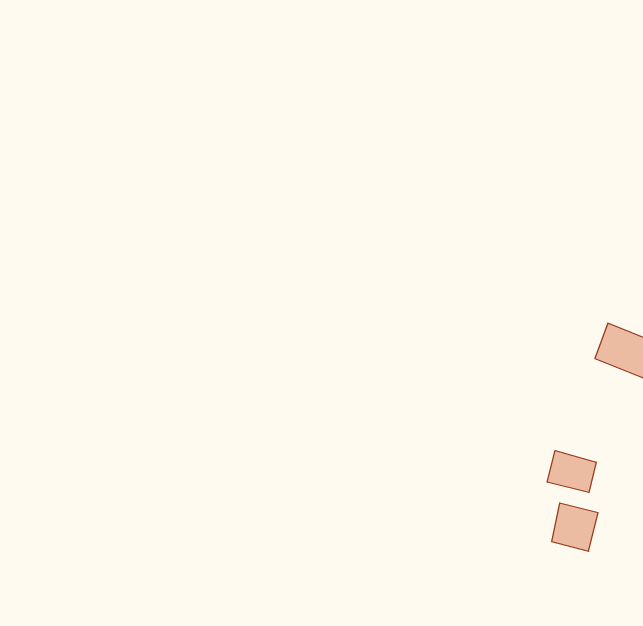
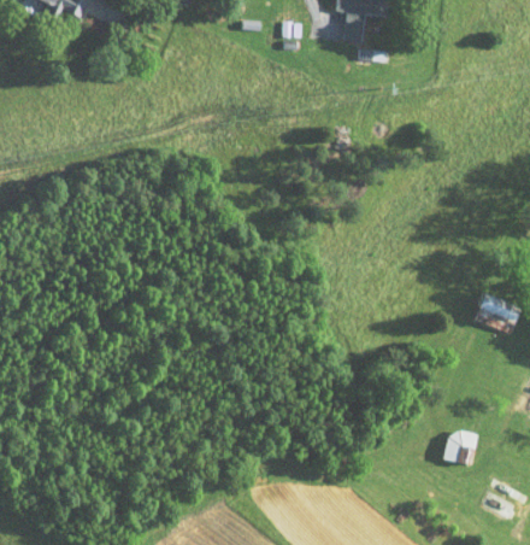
building: [547,451,596,493] -> none

